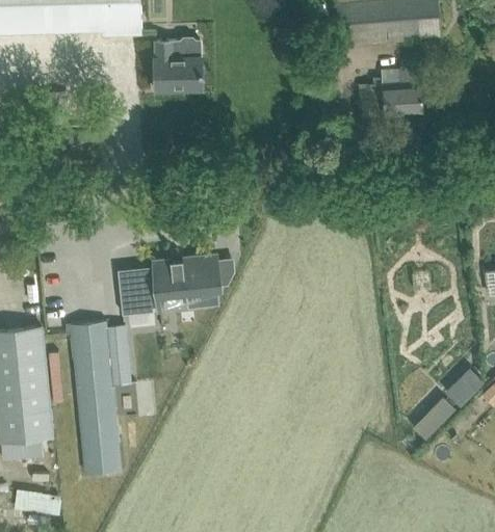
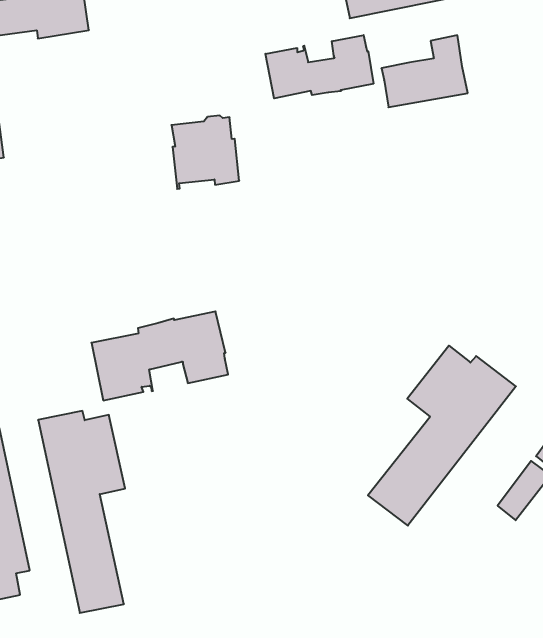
building: [154,38,202,90] -> [171,116,239,189]
building: none -> [265,35,373,98]
building: none -> [368,346,516,526]

